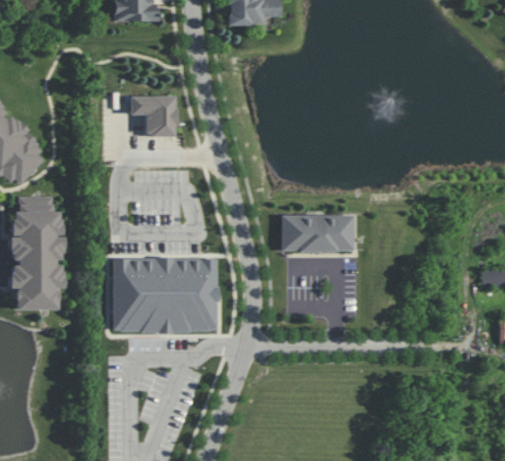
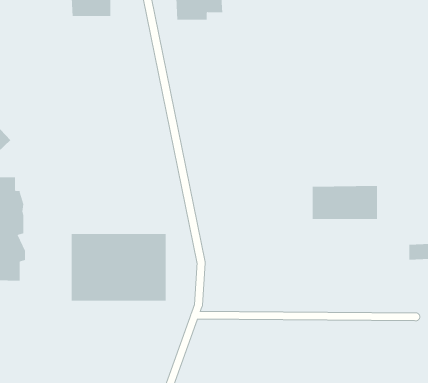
building: [130,95,176,136] -> none
building: [282,214,354,251] -> [312,186,378,219]

